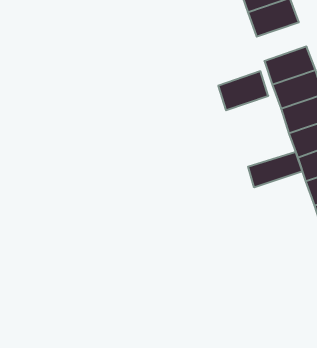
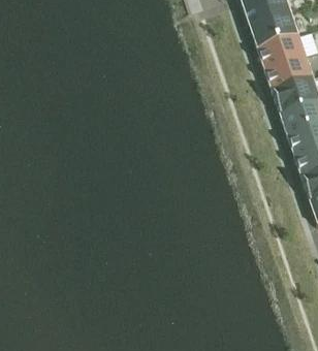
building: [218,71,268,110] -> [257,30,304,66]
building: [248,152,302,187] -> none

